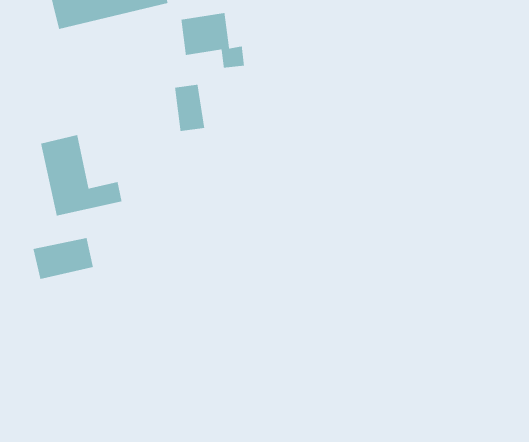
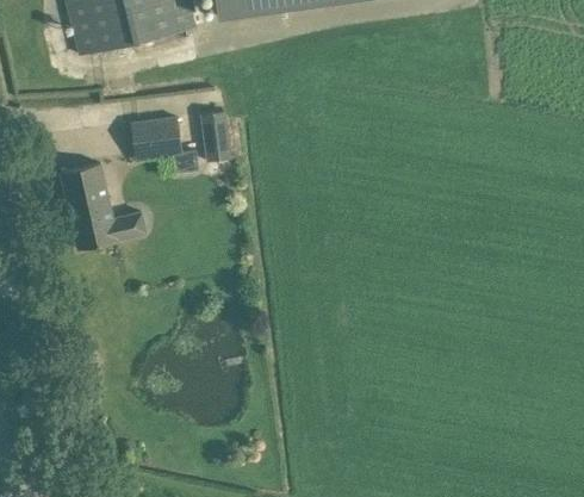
building: [181,12,245,68] -> [131,113,198,172]
building: [33,237,94,280] -> none

